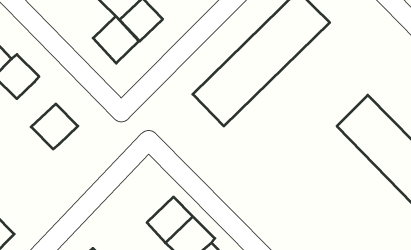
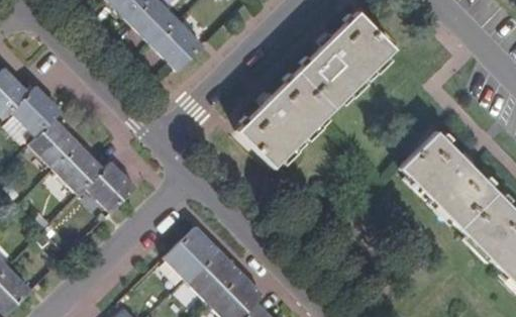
building: [93,16,139,63] -> none
building: none -> [28,117,80,169]
building: none -> [84,162,136,213]
building: none -> [162,226,214,278]

